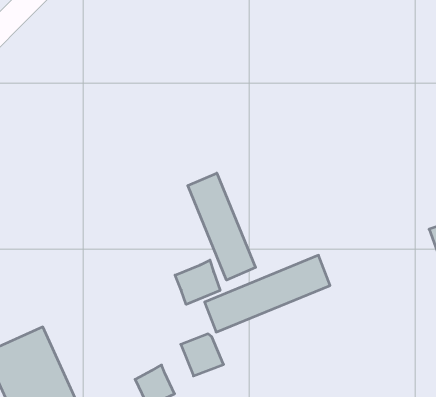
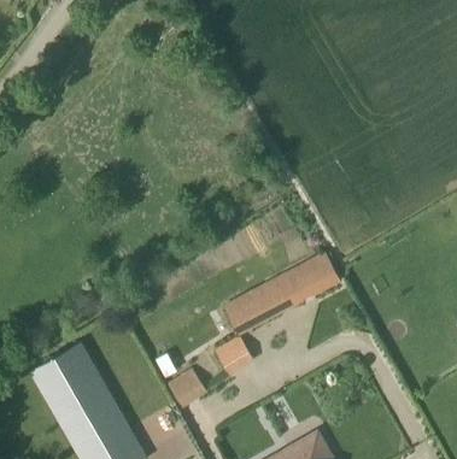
building: [188,173,256,280] -> none
building: [175,260,220,304] -> none

